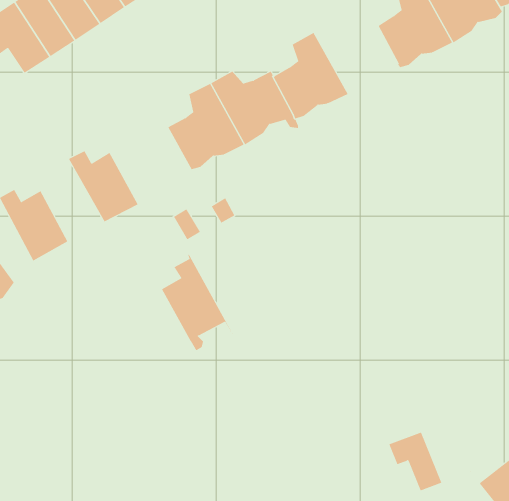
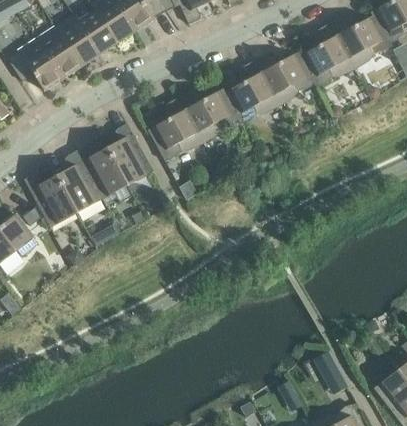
building: none -> [253,51,314,112]
building: none -> [55,152,101,212]
building: [161,253,234,351] -> [105,121,158,192]

